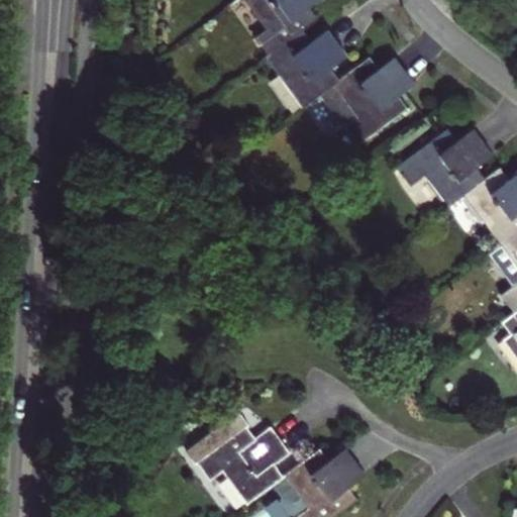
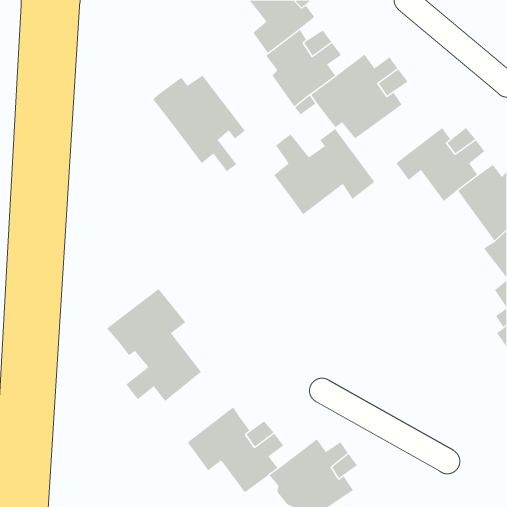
building: none -> [152,75,246,172]
building: none -> [274,128,375,215]
building: none -> [106,288,202,402]

